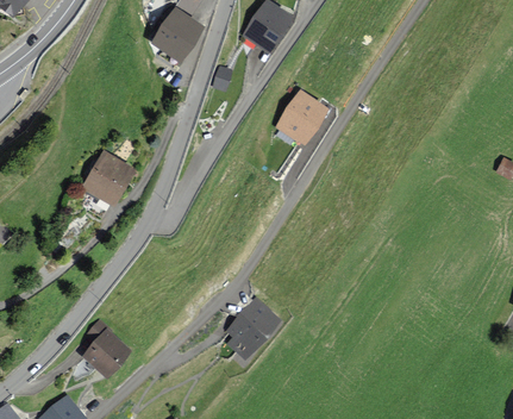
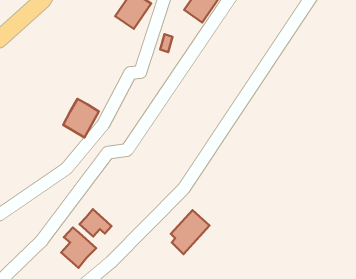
building: [277,90,327,143] -> none
building: none -> [79,209,111,237]

